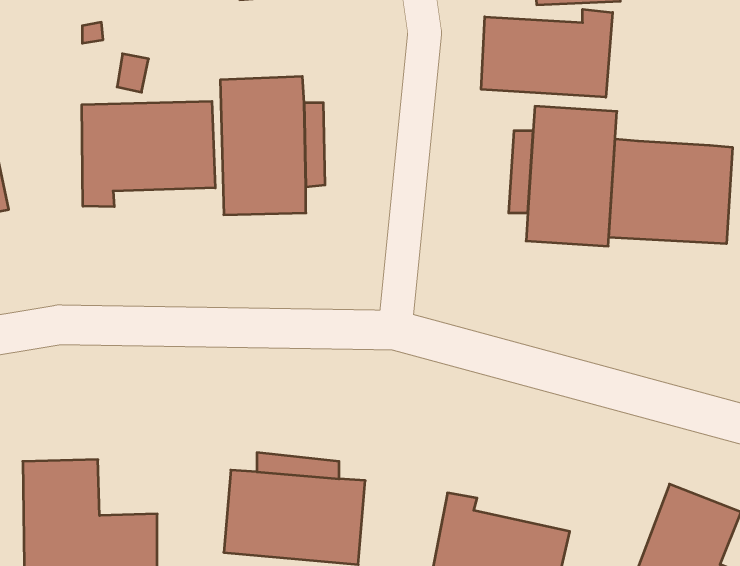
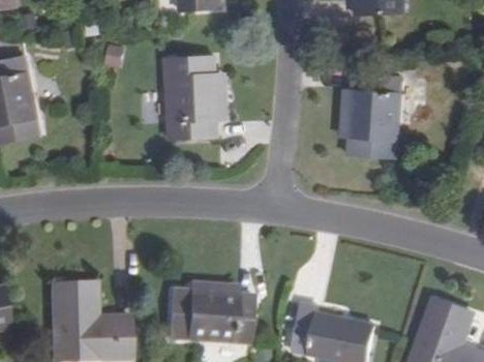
building: [481,9,613,97] -> none
building: [82,101,215,207] -> none
building: [609,139,732,244] -> none

